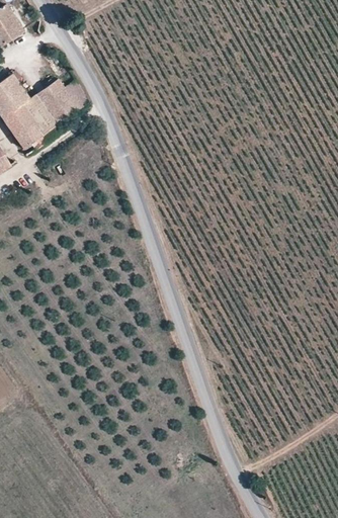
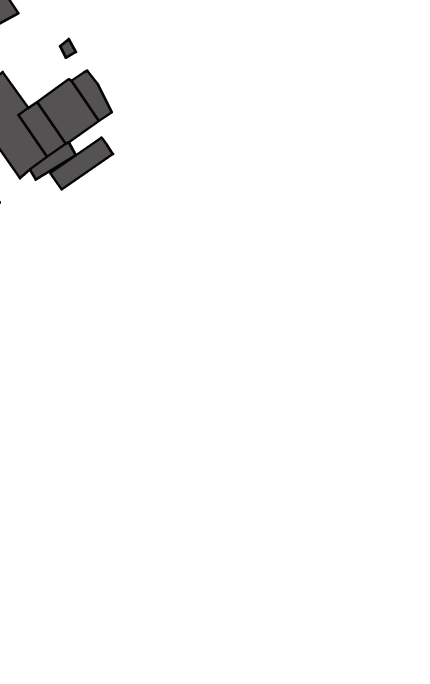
building: none -> [50,138,113,189]

